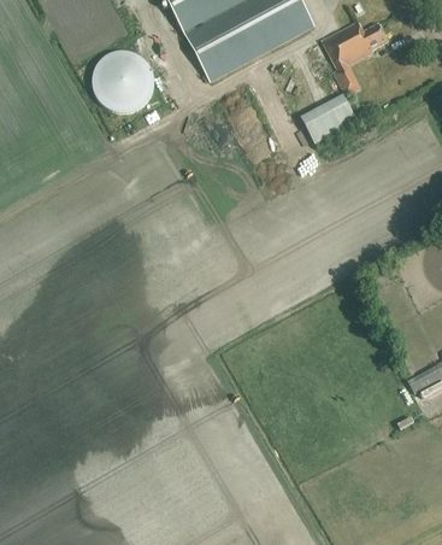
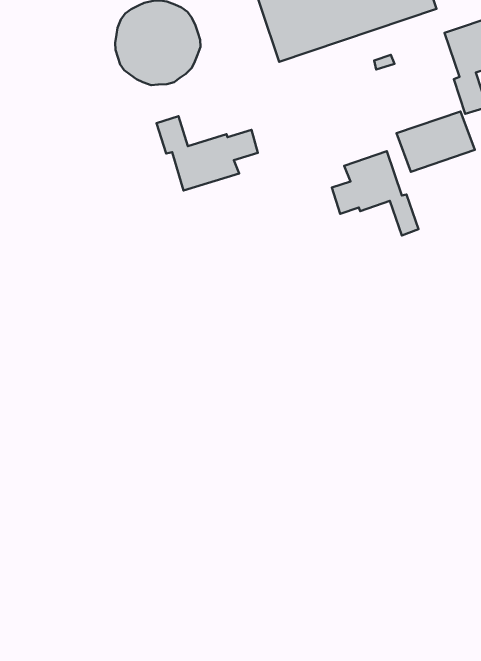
building: none -> [157,116,258,191]
building: none -> [332,151,419,235]

